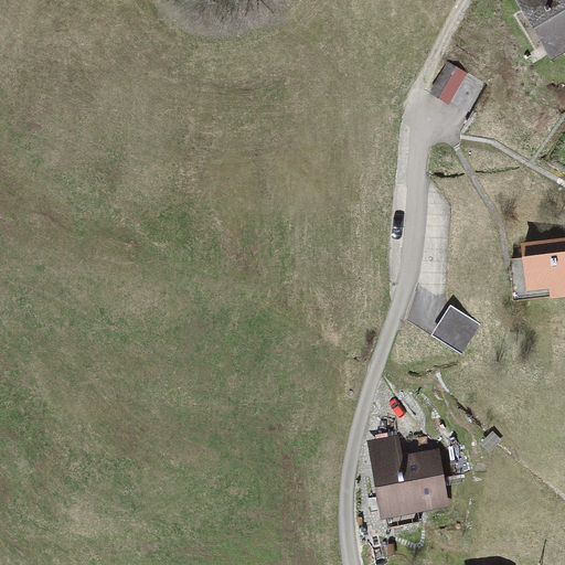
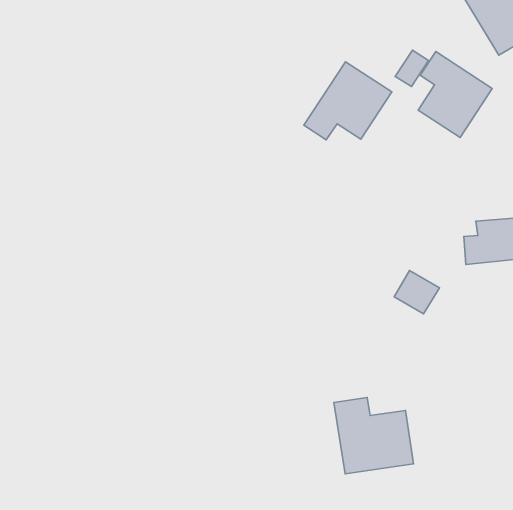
building: none -> [418,52,492,138]
building: none -> [304,62,392,140]

